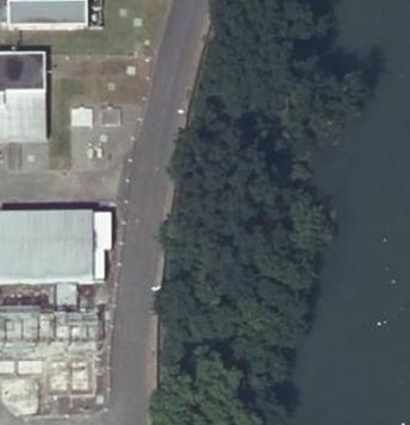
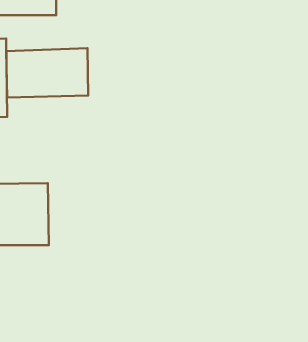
building: none -> [6,48,88,97]

